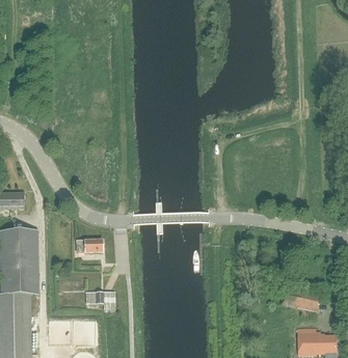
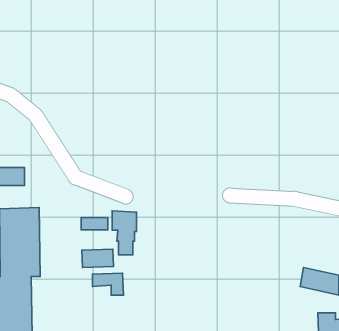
building: none -> [112,211,136,255]
building: none -> [82,249,114,268]

